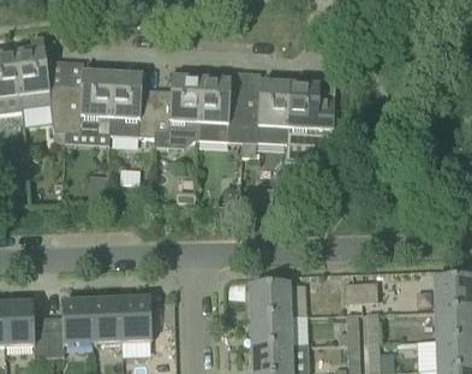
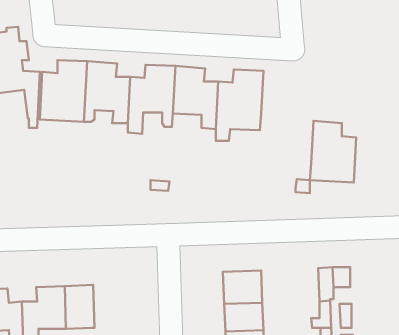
building: [287,82,334,144] -> [310,121,356,183]
building: [119,298,151,342] -> none

